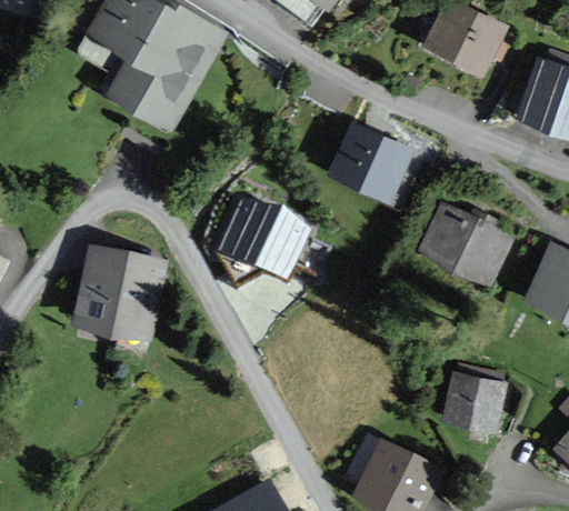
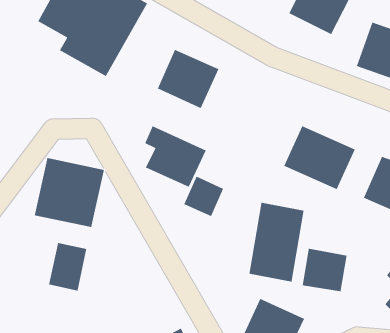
building: [329,122,416,206] -> [157,49,220,109]
building: none -> [183,176,224,217]
building: none -> [249,202,305,282]
building: none -> [48,242,87,291]

